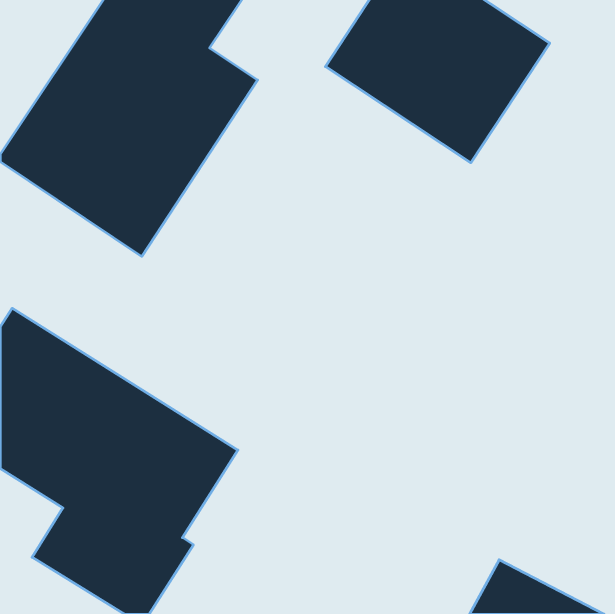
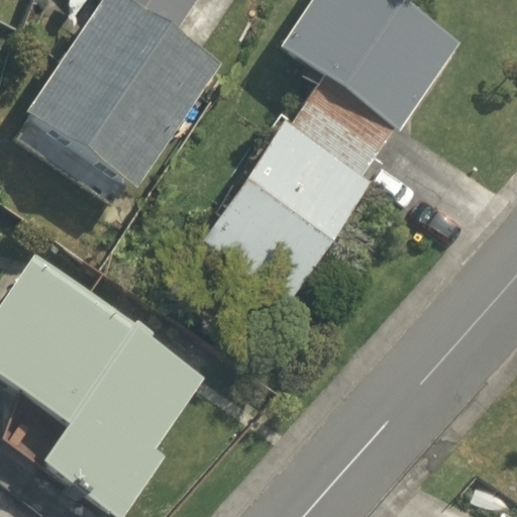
building: none -> [191,109,375,304]

